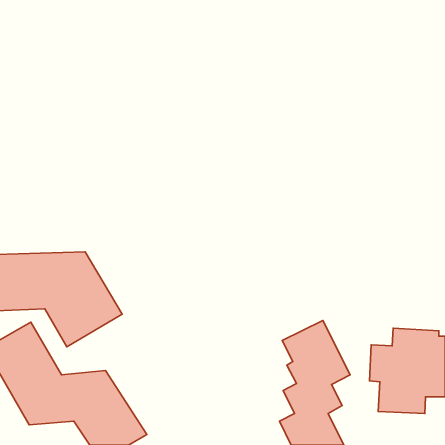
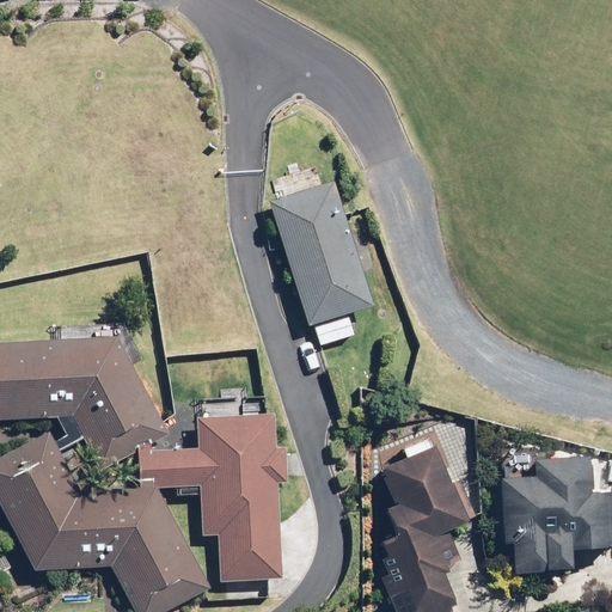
building: none -> [270,175,378,341]
building: none -> [148,415,280,579]

